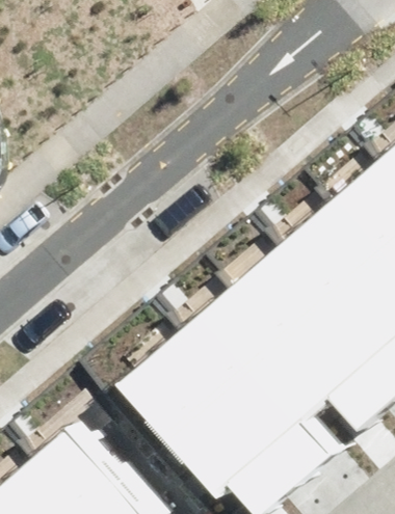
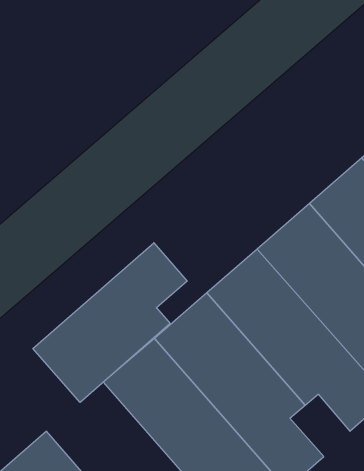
building: none -> [33,243,187,402]

